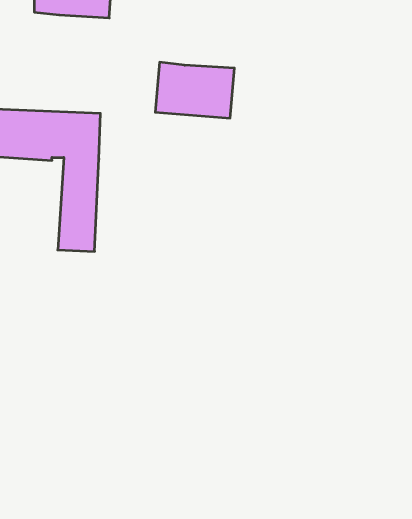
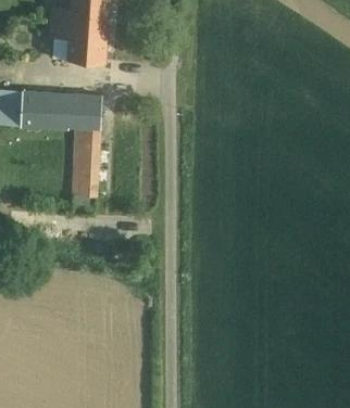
building: [155,62,234,118] -> [49,18,108,60]

